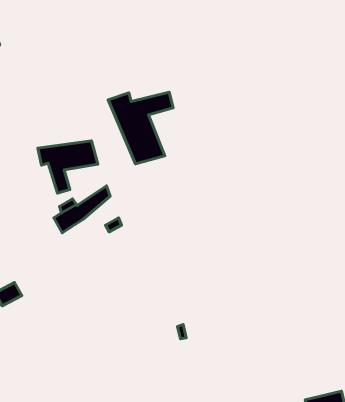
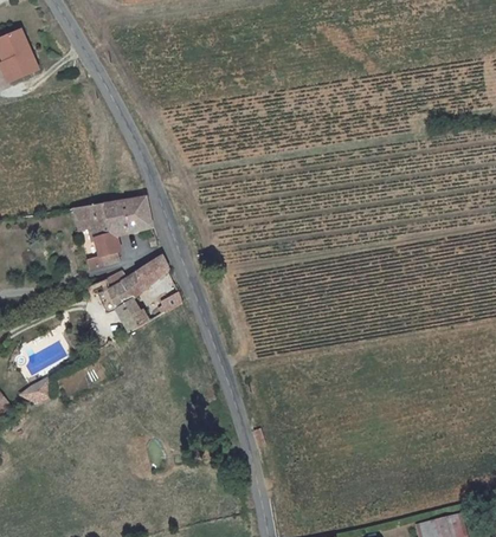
building: [108,92,173,164] -> none
building: none -> [117,296,148,330]

